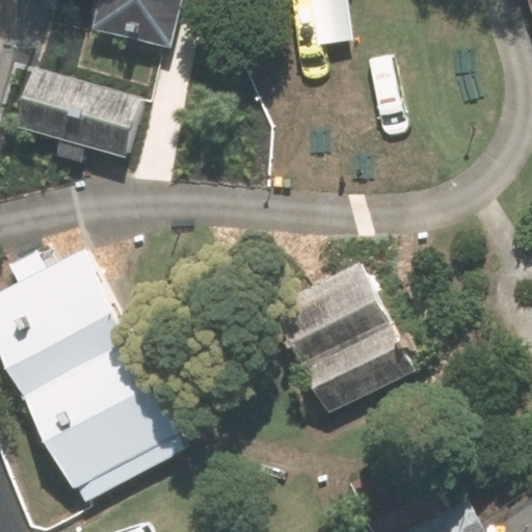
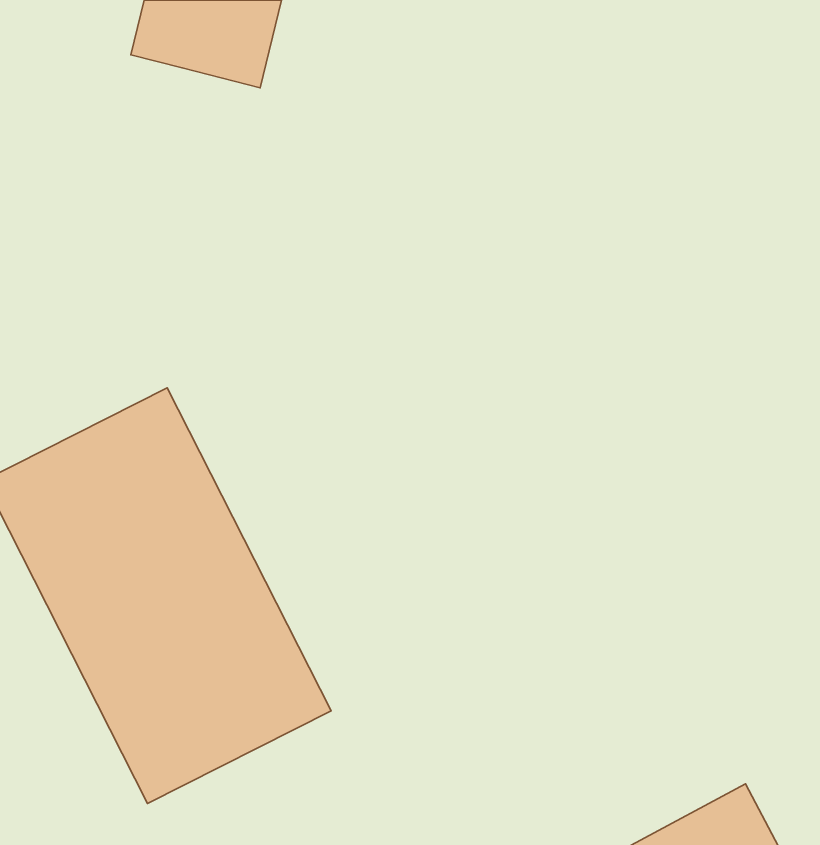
building: [14,69,136,155] -> none
building: [263,261,407,415] -> none

